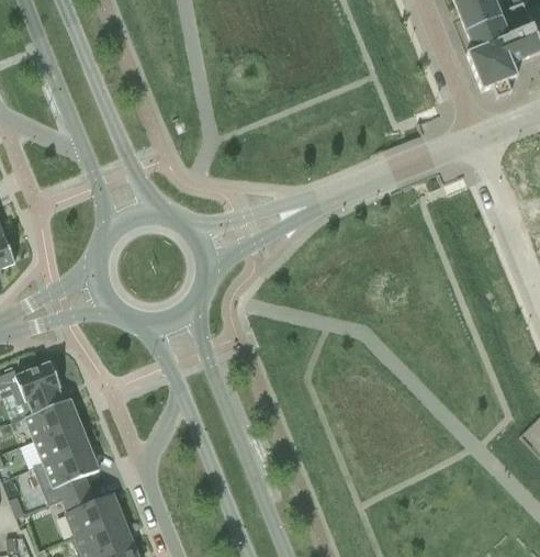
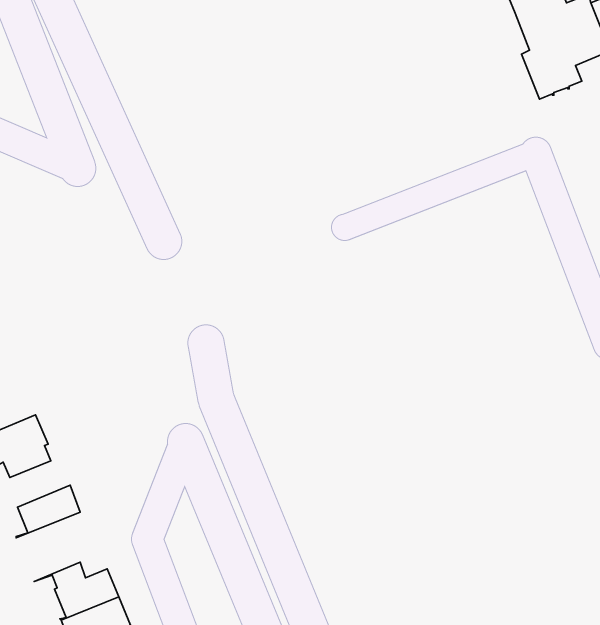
building: [24,398,79,441] -> none
building: [33,445,99,504] -> none

